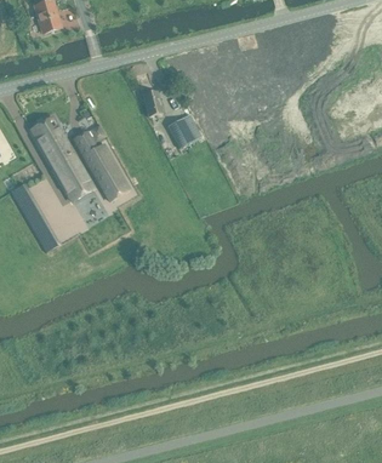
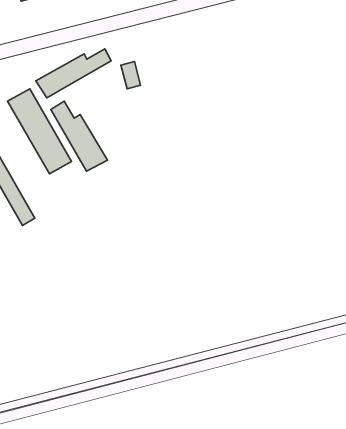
building: none -> [36,49,111,98]
building: [167,114,201,148] -> none

